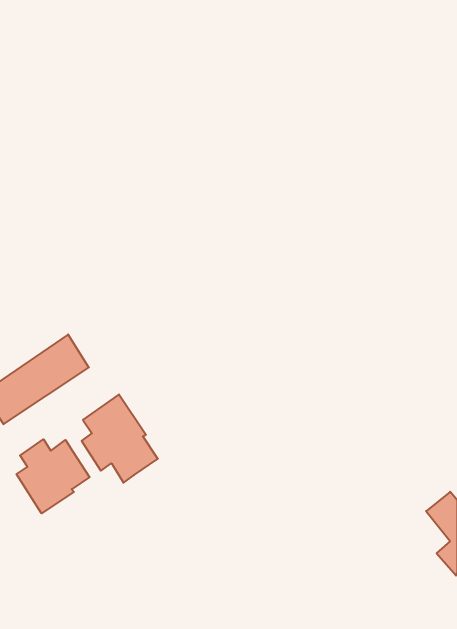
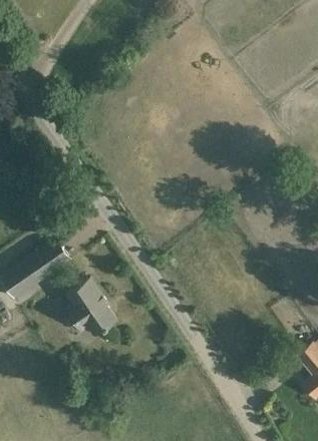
building: [17,439,90,513] -> none

